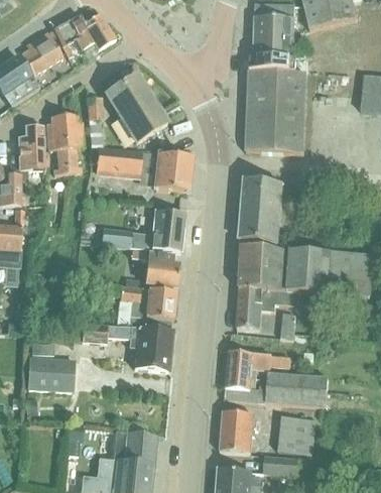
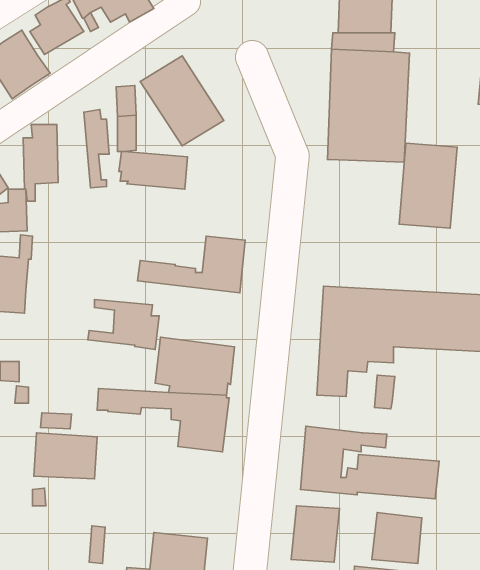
building: [47,116,69,174] -> none
building: [154,152,190,191] -> none
building: [240,178,283,242] -> [399,143,457,228]
building: [126,250,179,287] -> [88,300,159,349]

